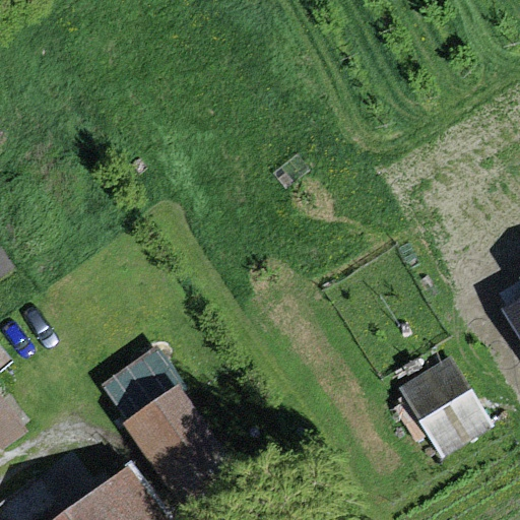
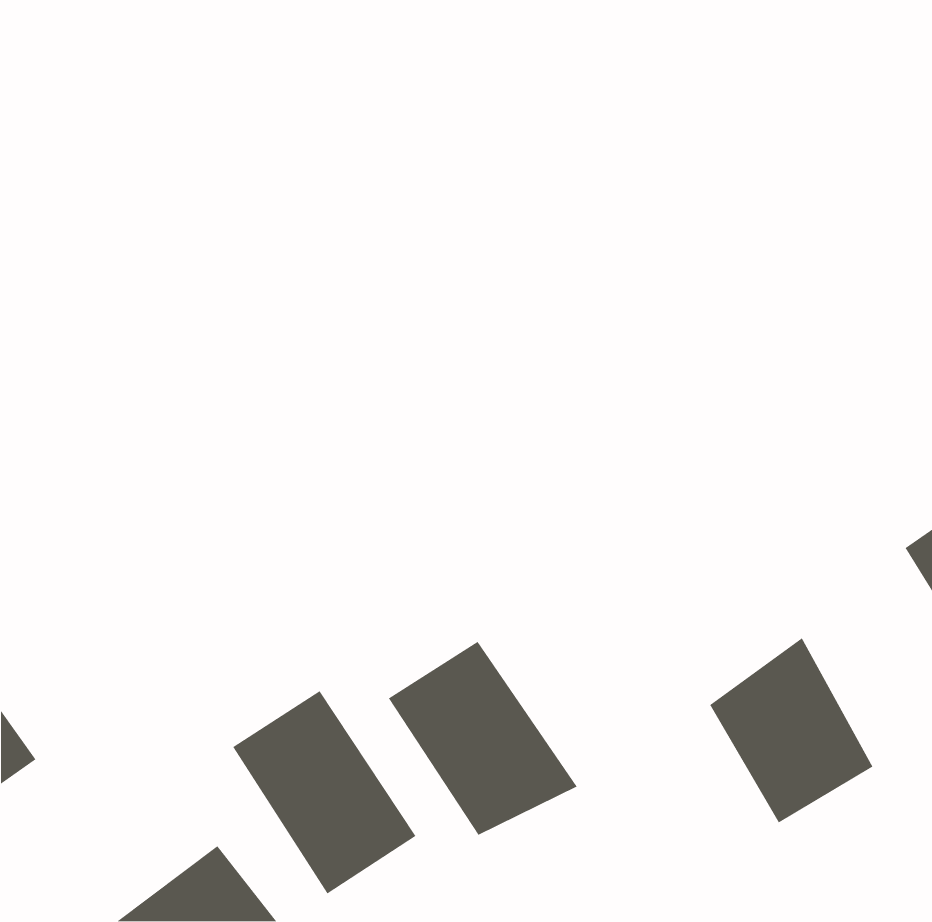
building: none -> [388,641,578,836]

